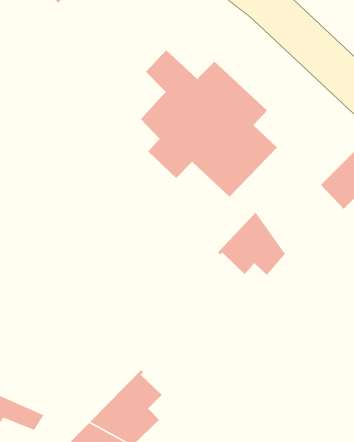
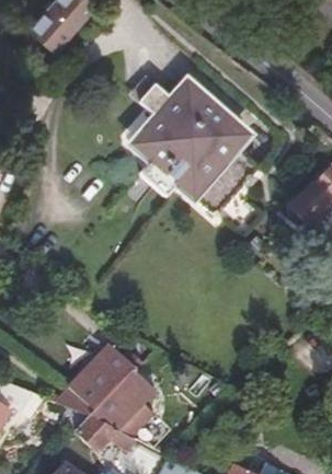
building: [217,211,286,276] -> none
building: none -> [55,345,133,415]

